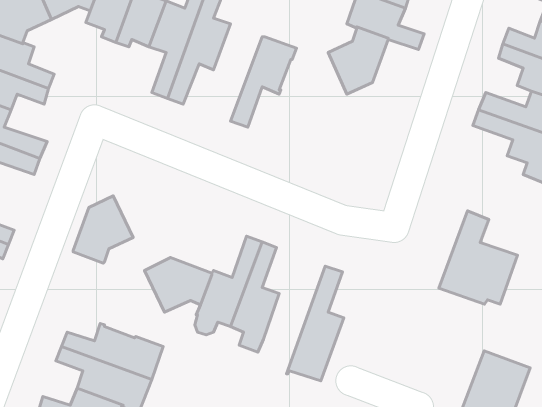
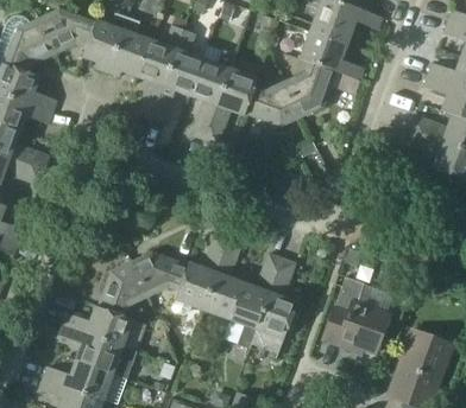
building: none -> [188,50,235,139]
building: none -> [243,82,298,126]
building: [73,196,133,263] -> [97,262,147,318]
building: [439,211,518,304] -> [322,276,388,353]
building: none -> [229,254,281,348]

